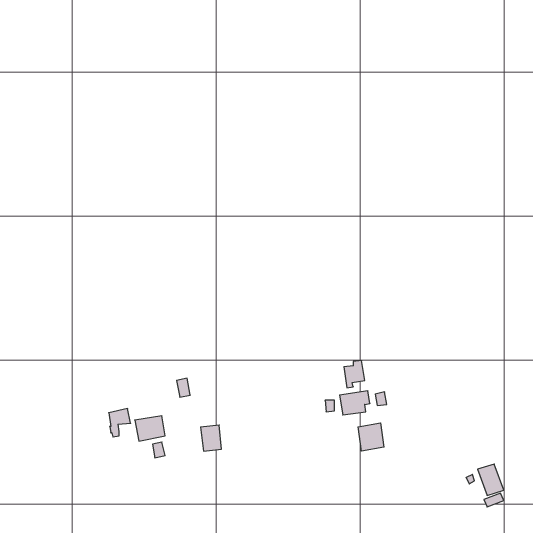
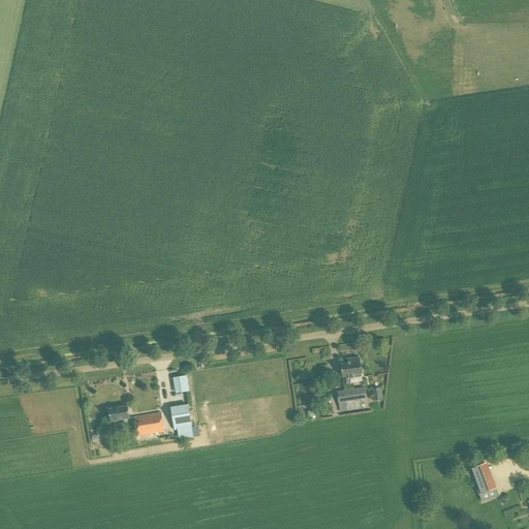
building: [358,423,384,451] -> none
building: [201,425,221,451] -> [169,403,190,429]

